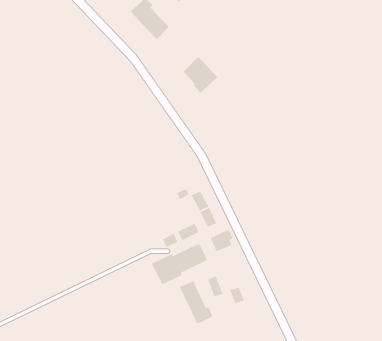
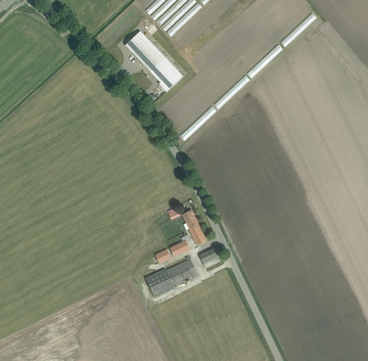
building: [183,56,218,94] -> [150,56,183,91]
building: [179,280,214,325] -> none

